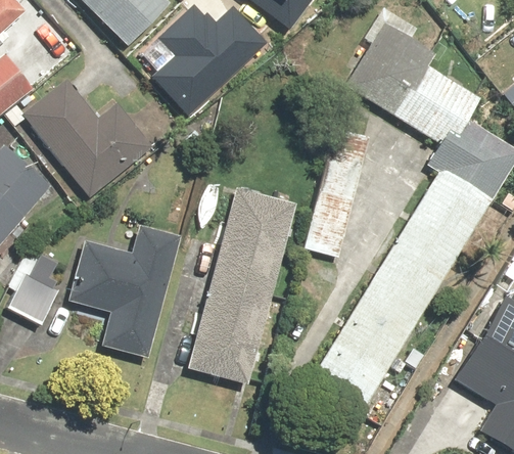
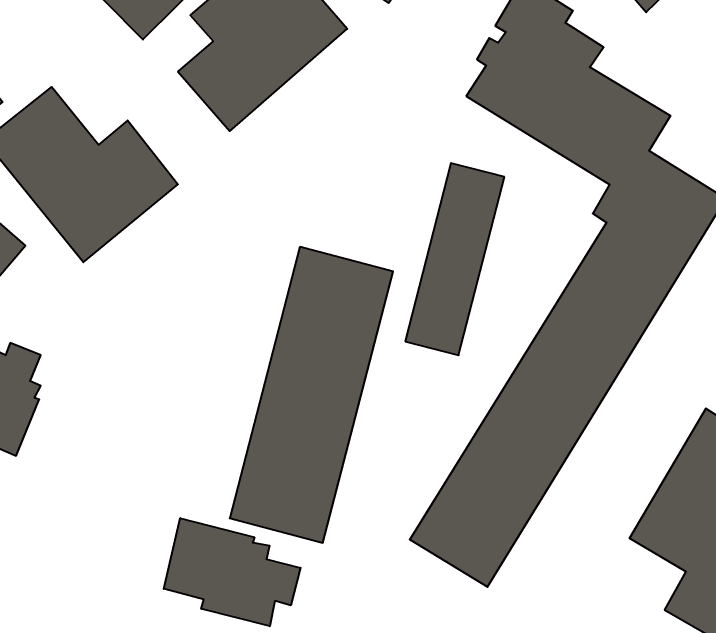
building: [69,227,180,359] -> none
building: none -> [164,518,301,626]

